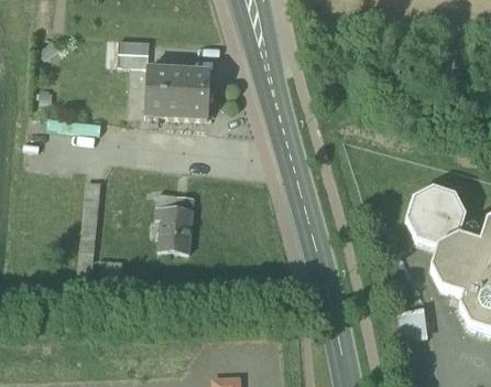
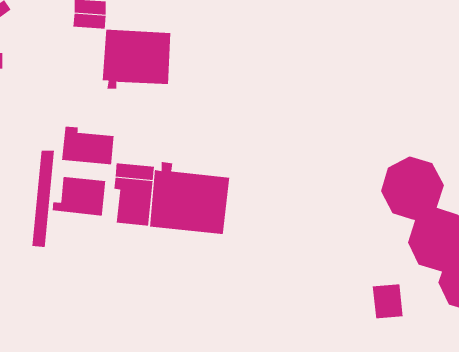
building: none -> [62,126,114,165]
building: none -> [149,161,230,235]
building: none -> [52,176,106,216]

